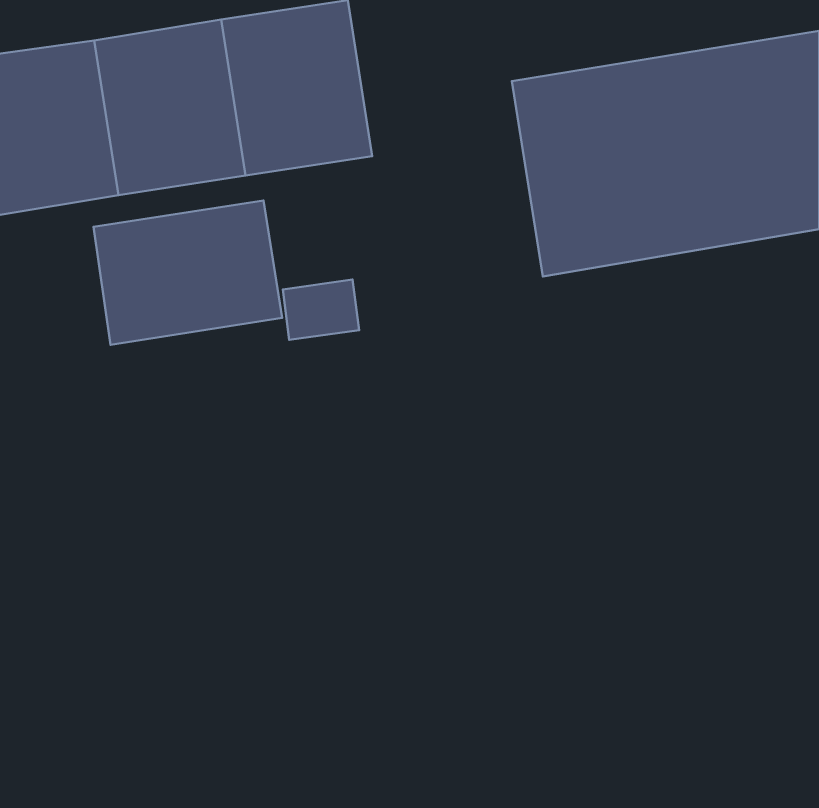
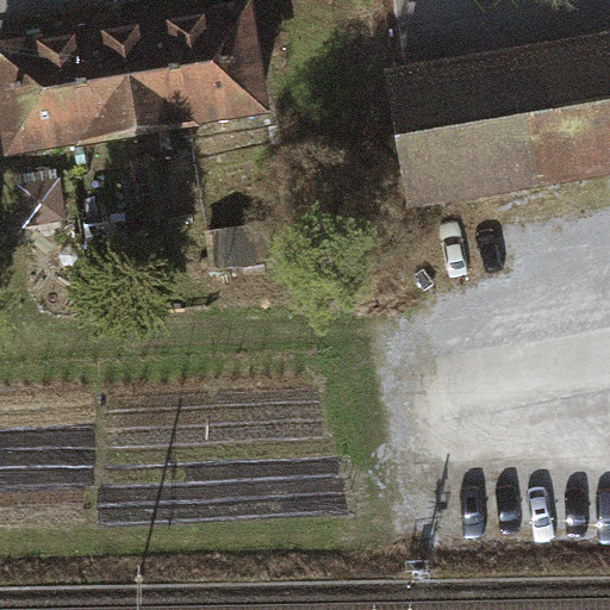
building: [94,200,282,345] -> none

